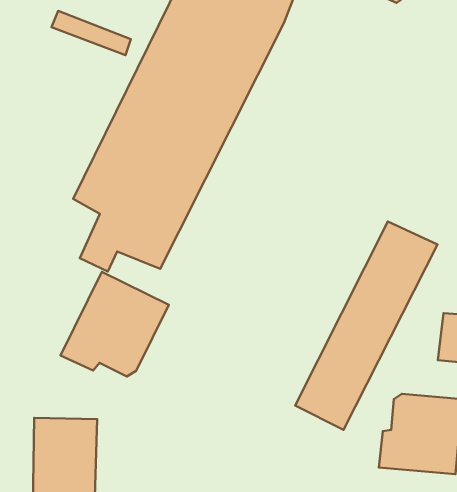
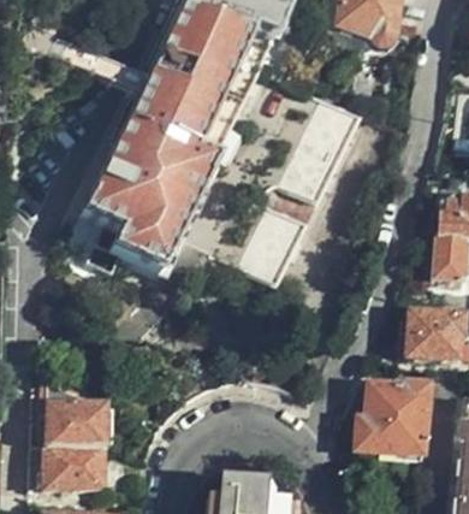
building: [295,222,437,430] -> [232,98,360,284]
building: [61,272,169,376] -> none

